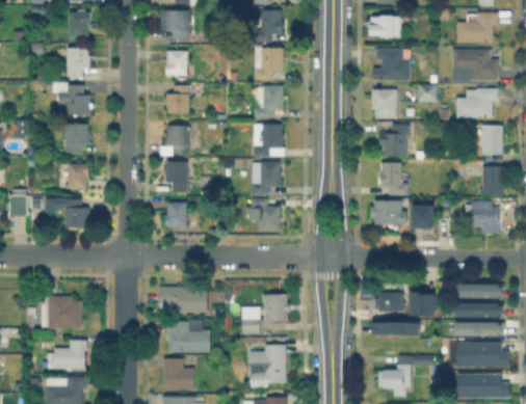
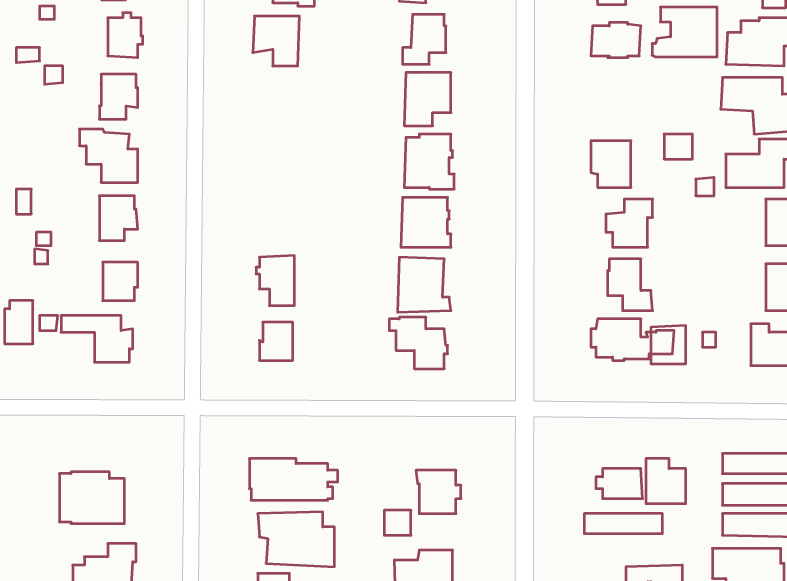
building: [370,49,411,80] -> [652,7,717,57]
building: [167,51,188,78] -> none
building: [168,86,190,117] -> none
building: [165,126,188,154] -> none

